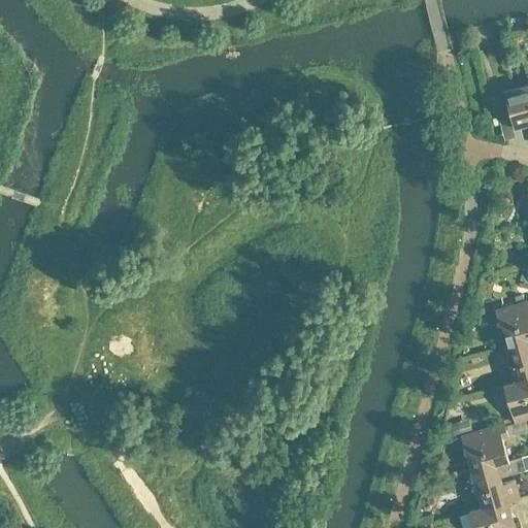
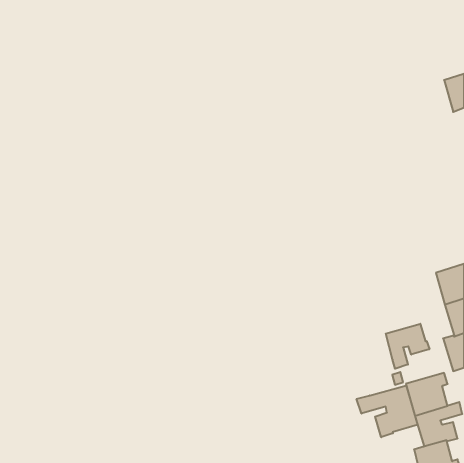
building: none -> [386,324,429,369]
building: none -> [357,385,418,437]

